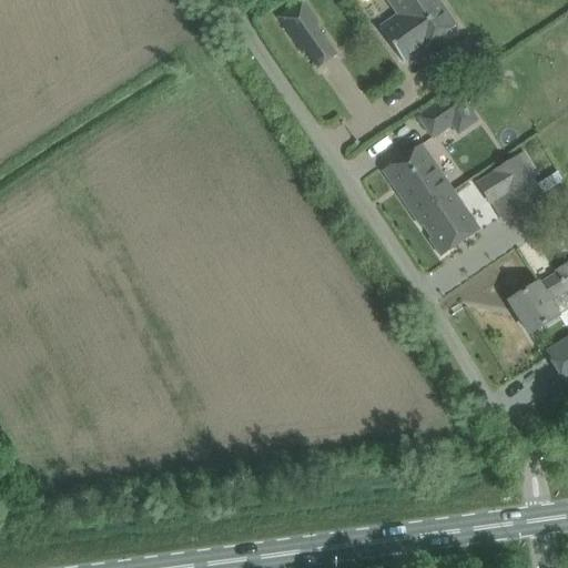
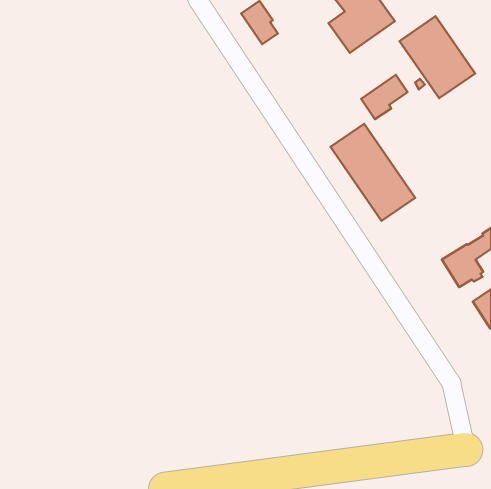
building: none -> [400,16,475,98]
building: [479,152,542,206] -> none

